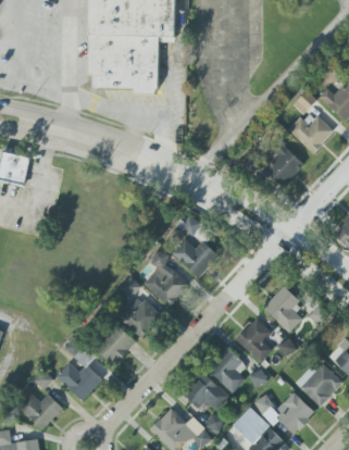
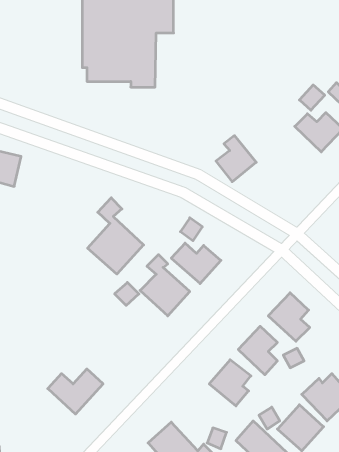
building: [265,142,303,186] -> [216,136,256,182]
building: none -> [88,198,144,274]
building: [122,298,160,336] -> none
building: [96,326,135,365] -> none
building: [184,373,229,411] -> none
building: [17,392,62,430] -> none

